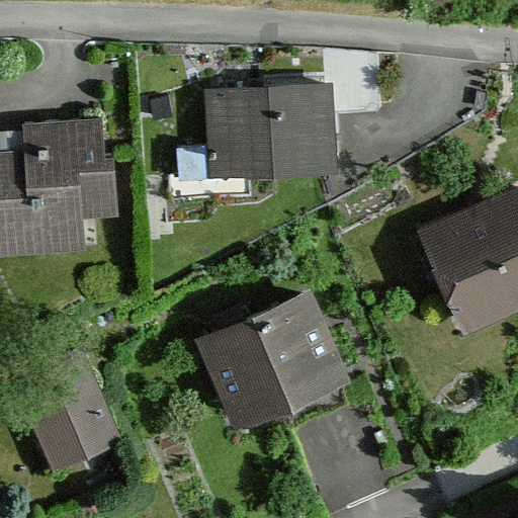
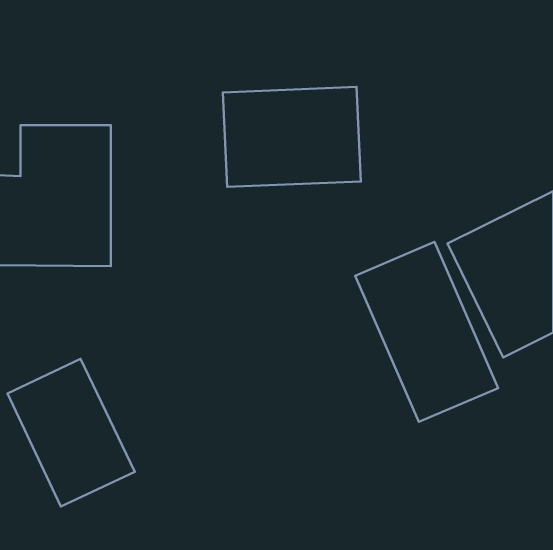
building: none -> [355,242,498,422]
building: [199,285,353,434] -> none

